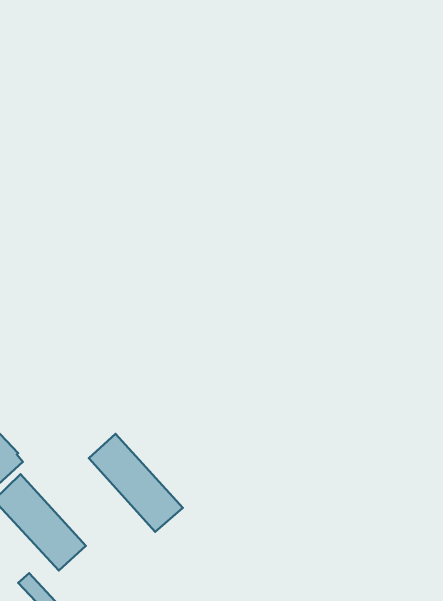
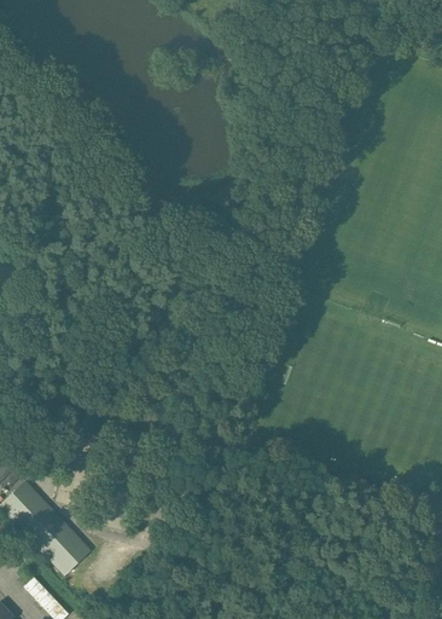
building: [89,434,183,532] -> none

